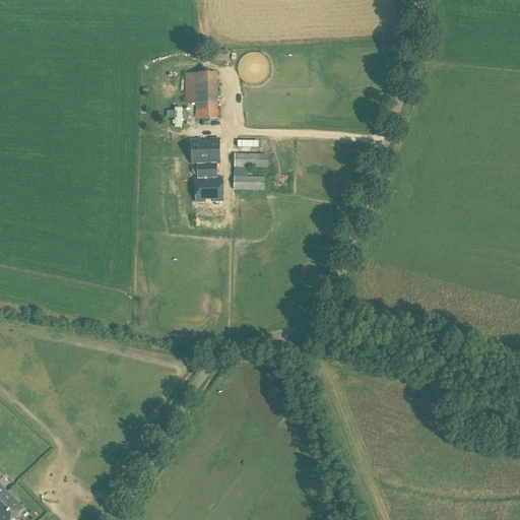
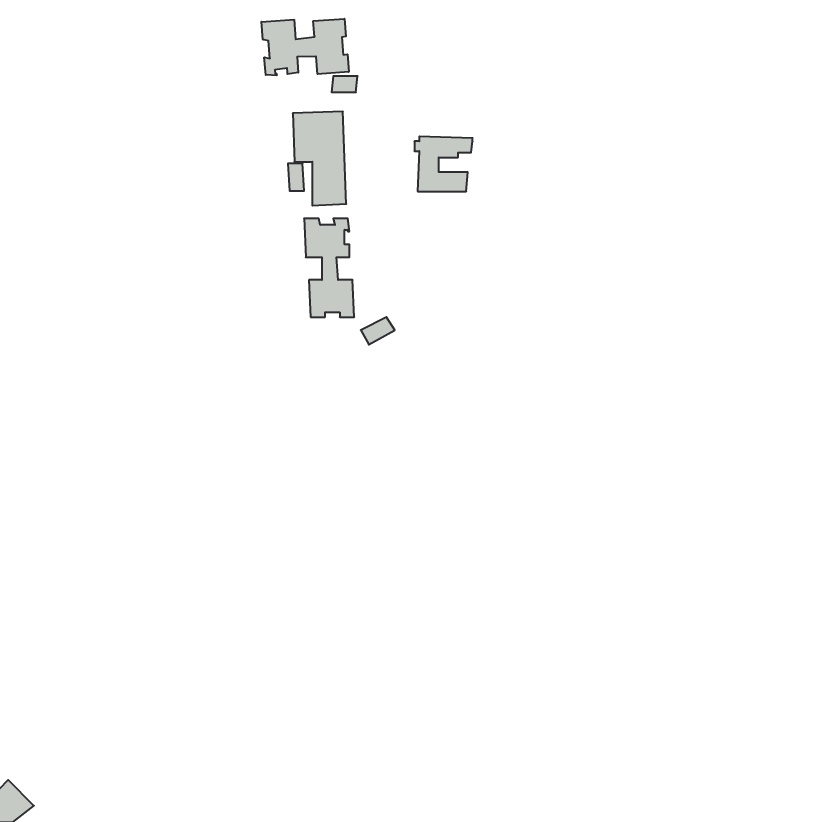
building: none -> [261,19,349,75]
building: [231,152,267,187] -> [414,136,473,191]

